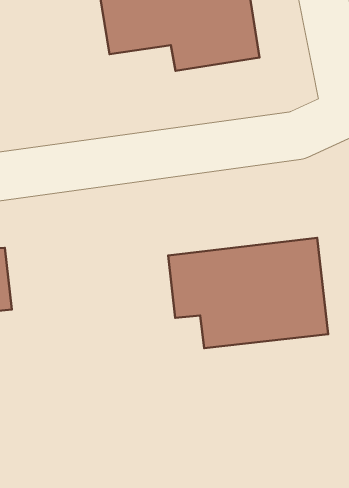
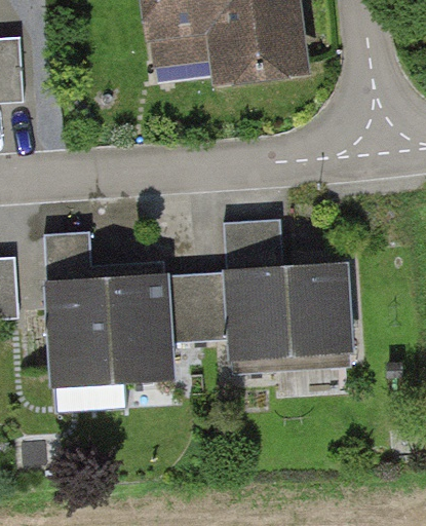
building: none -> [42,273,196,381]

